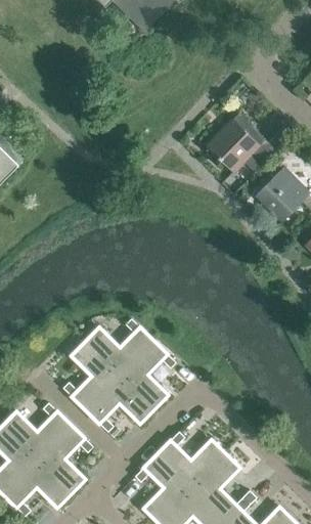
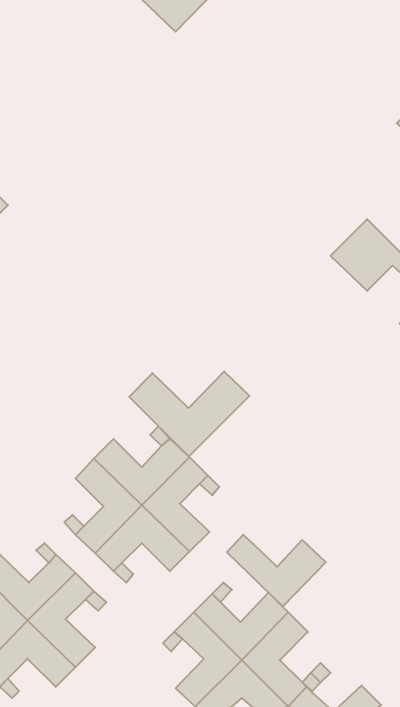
building: [208,114,297,171] -> none
building: none -> [129,371,249,456]
building: none -> [227,535,326,606]

